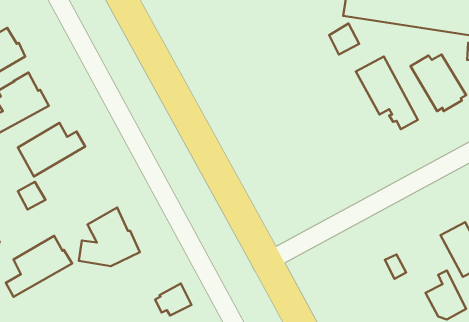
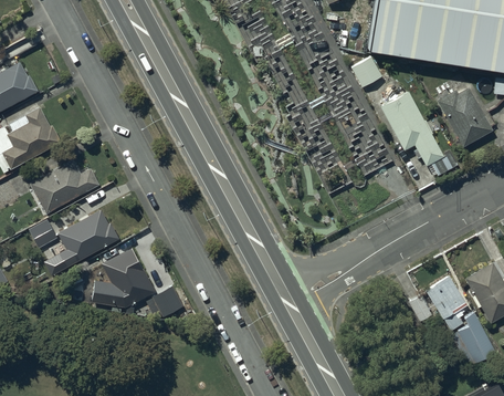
building: [6,236,72,297] -> [51,210,119,273]
building: none -> [426,278,464,330]
building: [155,284,192,316] -> [147,286,185,320]

